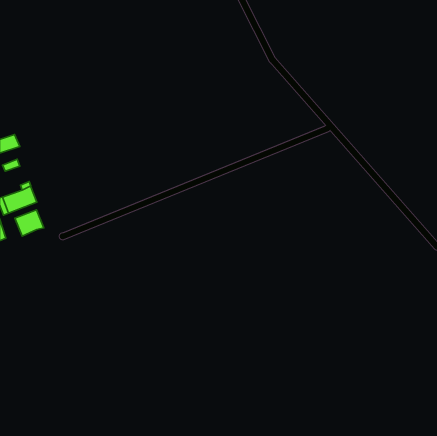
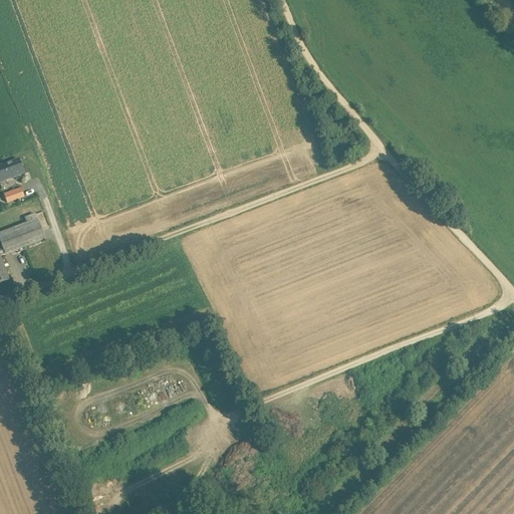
building: [15,210,44,236] -> none

